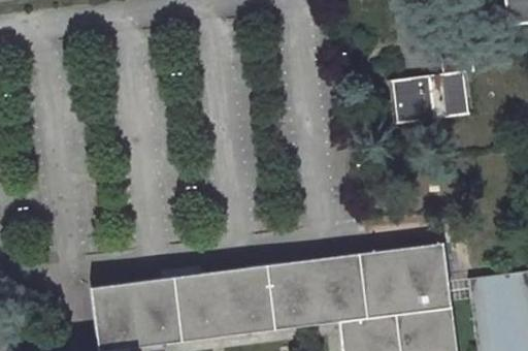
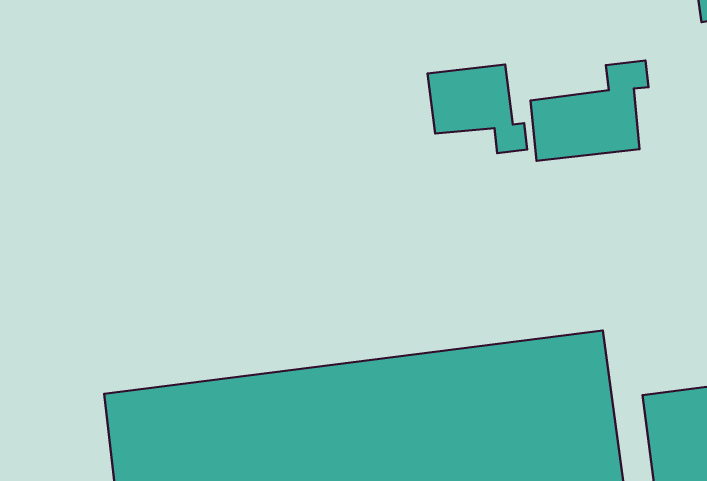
building: none -> [428,65,527,153]

